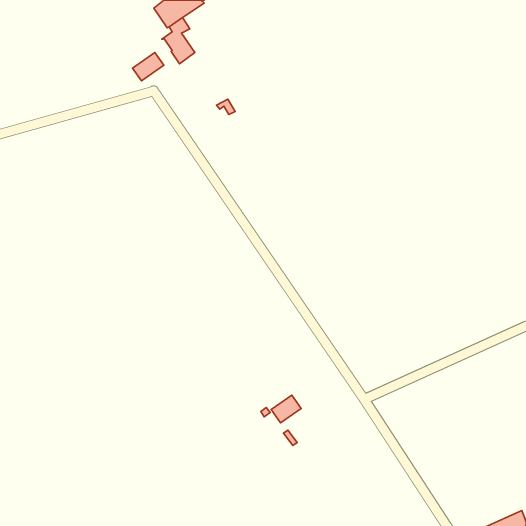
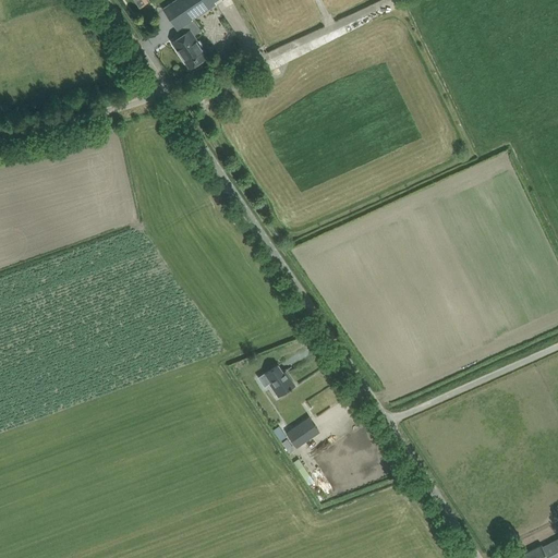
building: [133,53,164,81] -> none
building: none -> [257,365,294,397]

